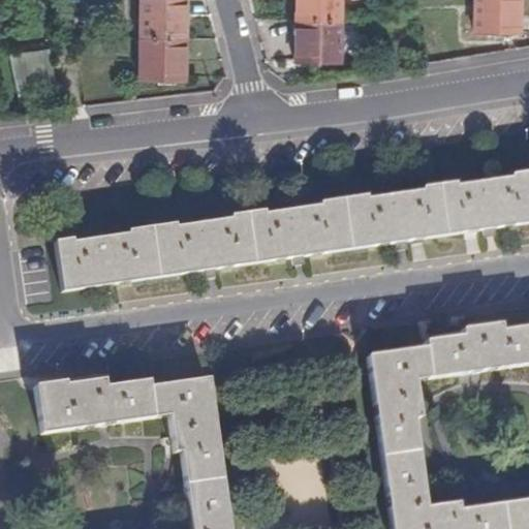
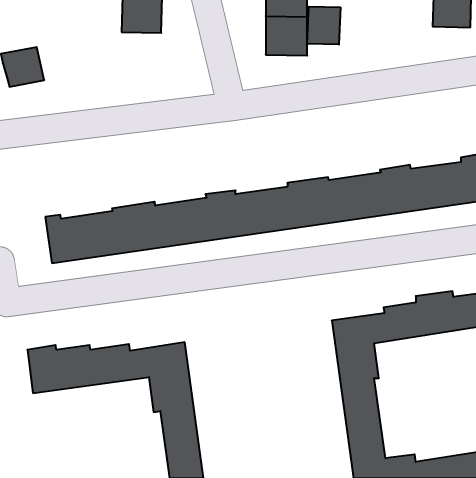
building: none -> [307,7,340,45]
building: [138,35,183,75] -> none

